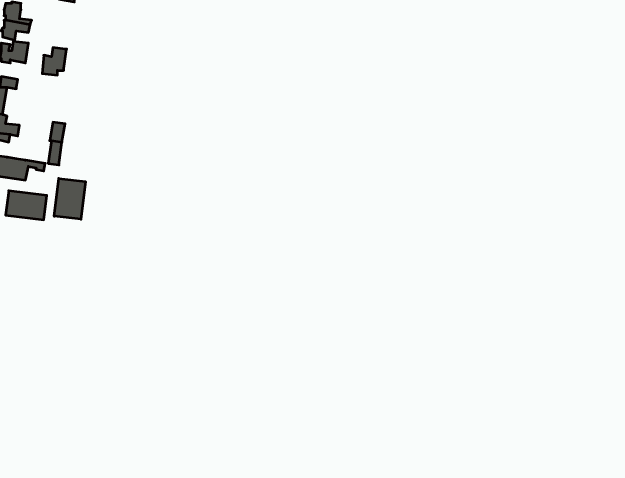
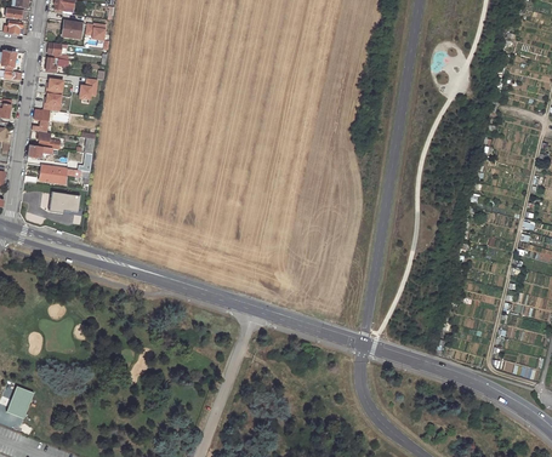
building: [54,178,85,219] -> none

